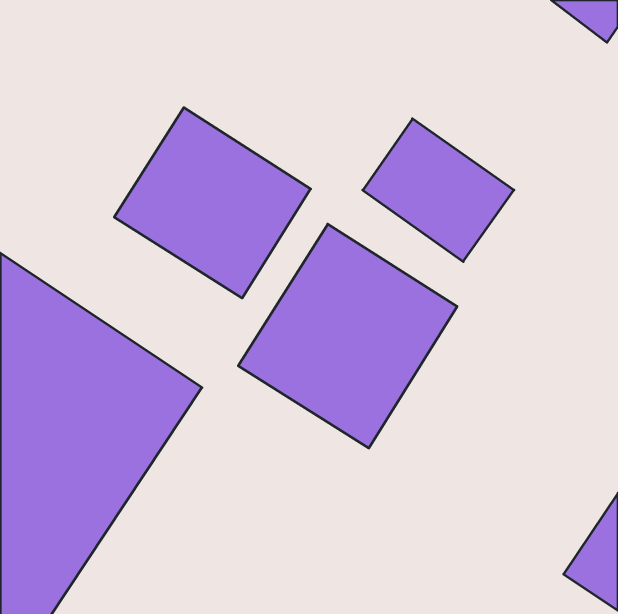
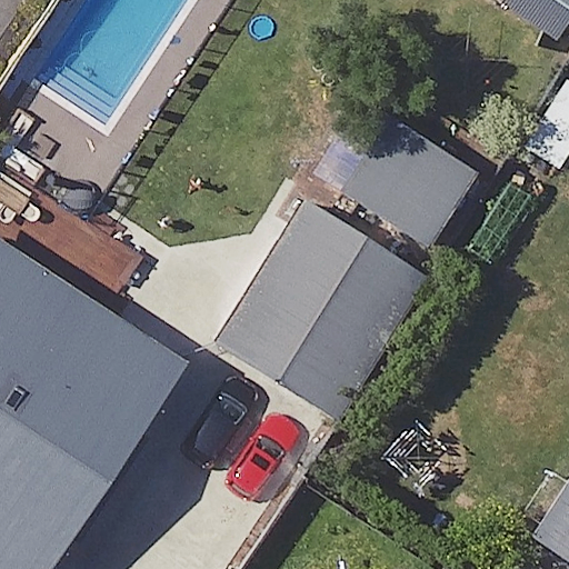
building: [114,108,311,298] -> none

